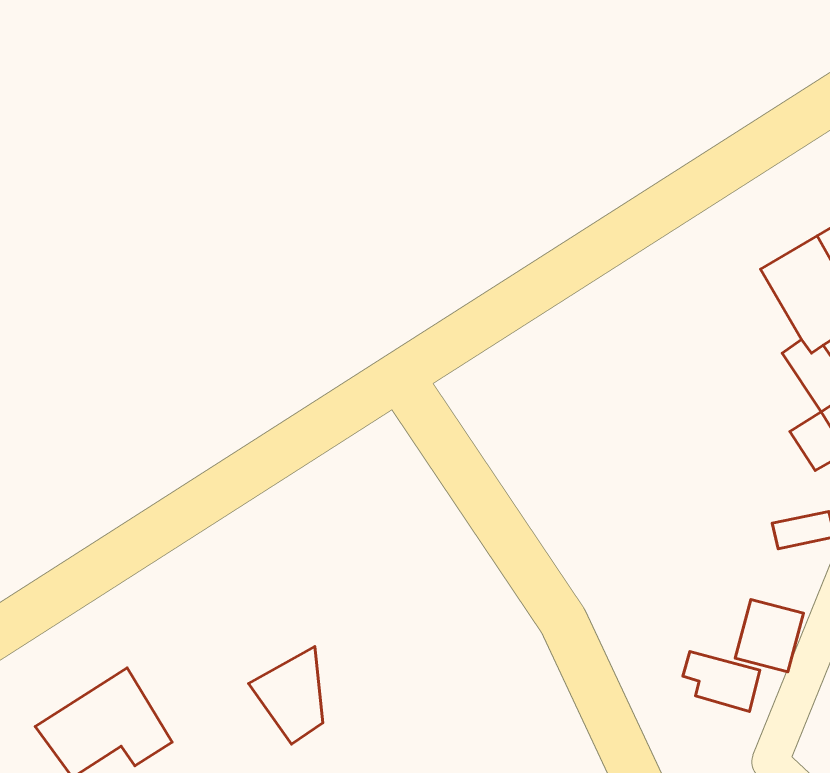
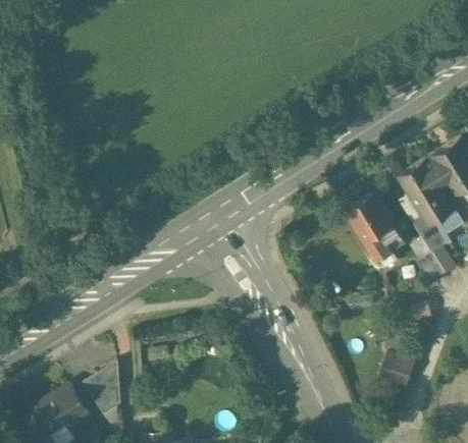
building: none -> [344,193,405,261]
building: [248,646,323,744] -> [82,367,120,418]
building: [683,651,760,711] -> none

